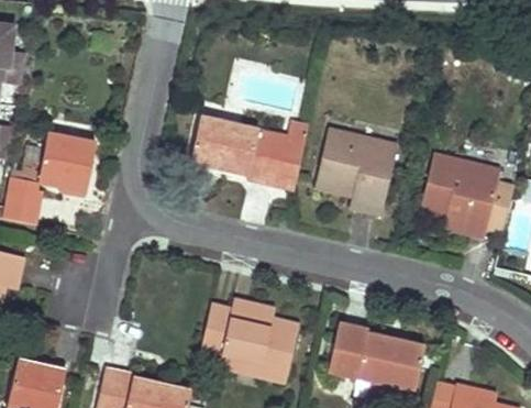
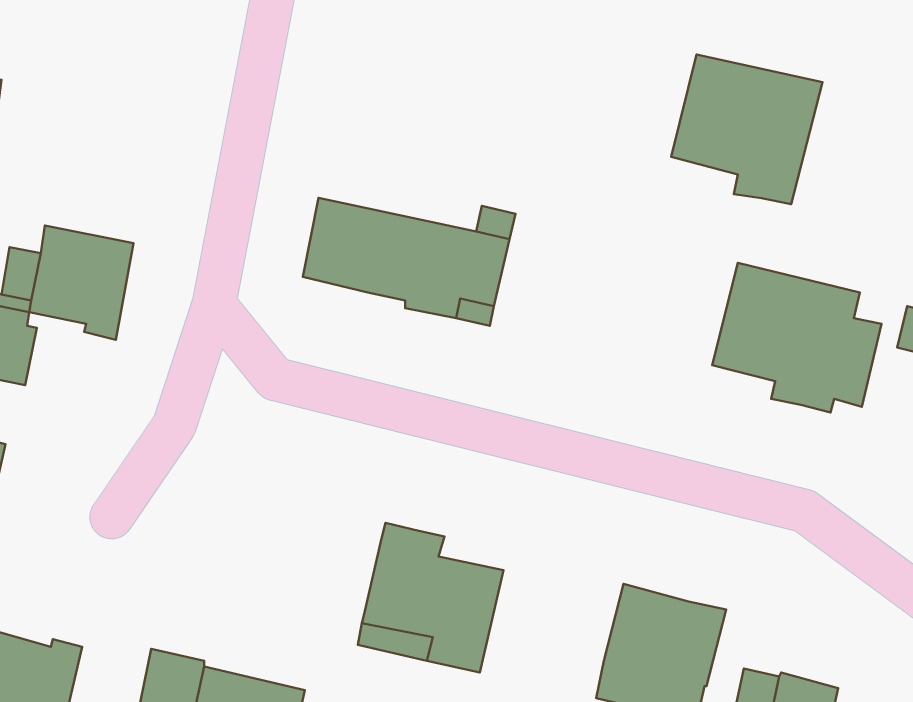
building: [313,129,398,212] -> [671,54,823,204]
building: [201,302,233,350] -> none
building: [329,322,368,375] -> none

